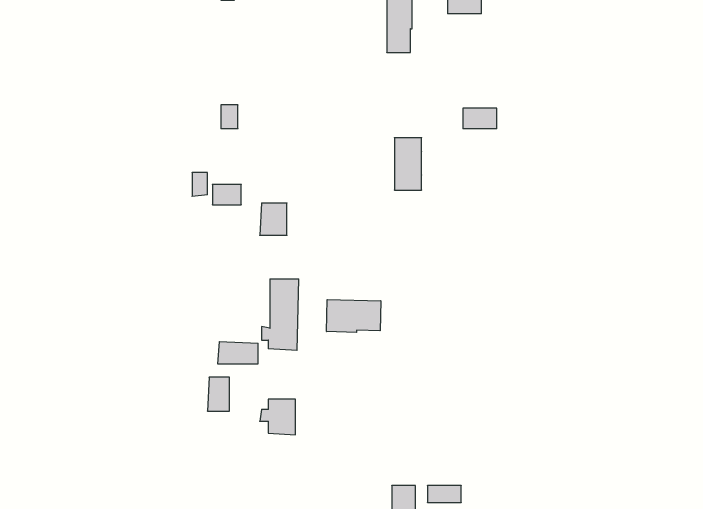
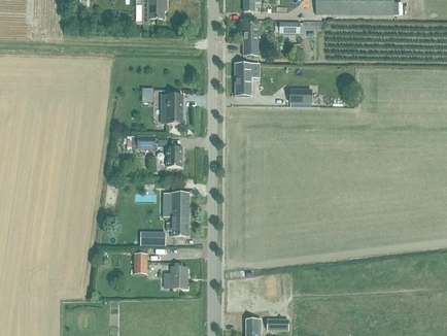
building: none -> [161,95,182,124]
building: [394,138,422,190] -> [235,64,251,96]
building: [327,300,381,332] -> none

